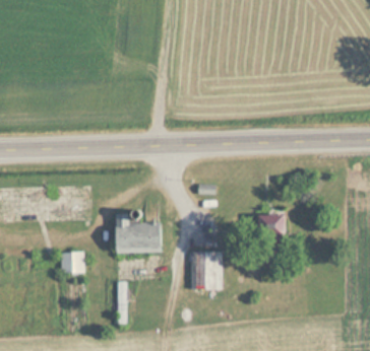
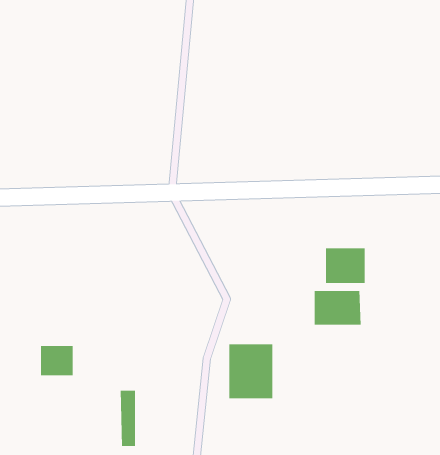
building: none -> [326,247,365,284]
building: [108,225,162,253] -> none

